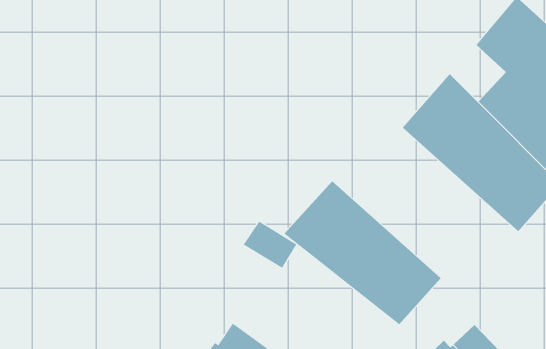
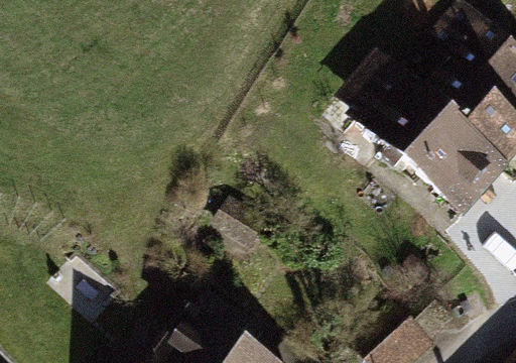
building: [284,181,441,325] -> none

